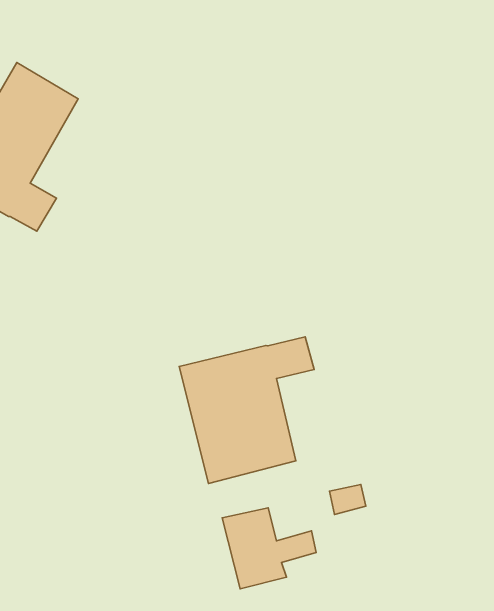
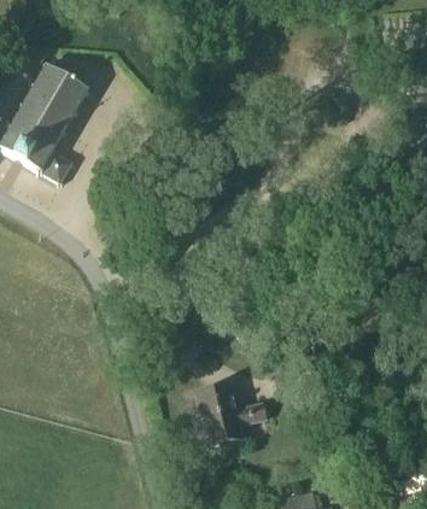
building: [179,337,314,483] -> none

